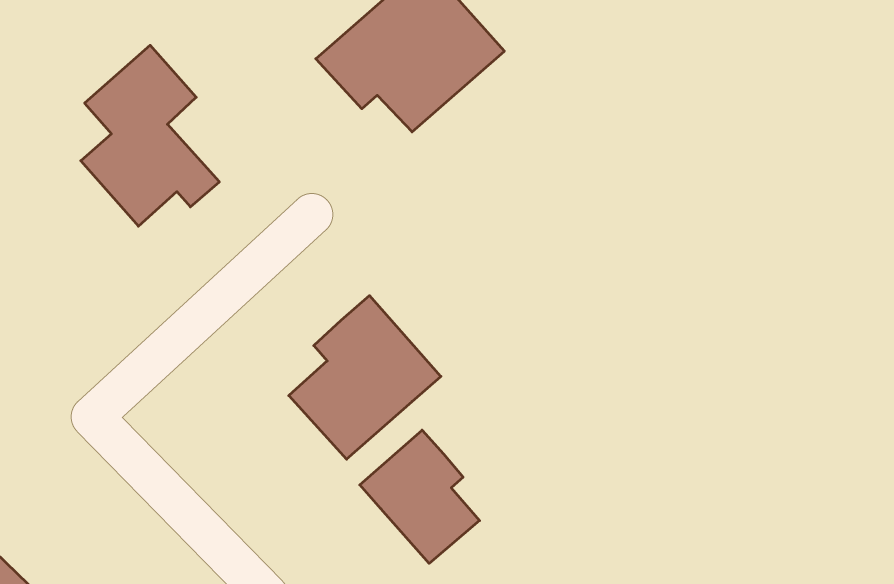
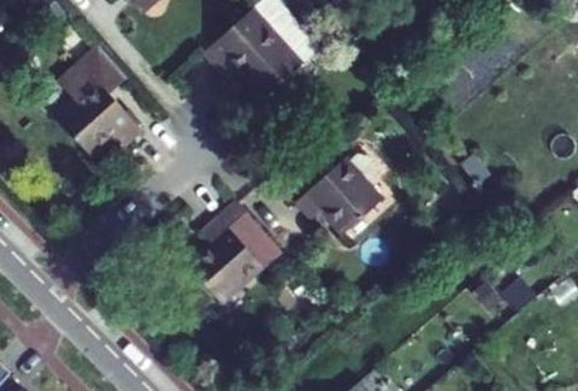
building: none -> [295,154,383,235]
building: [360,430,480,563] -> none

